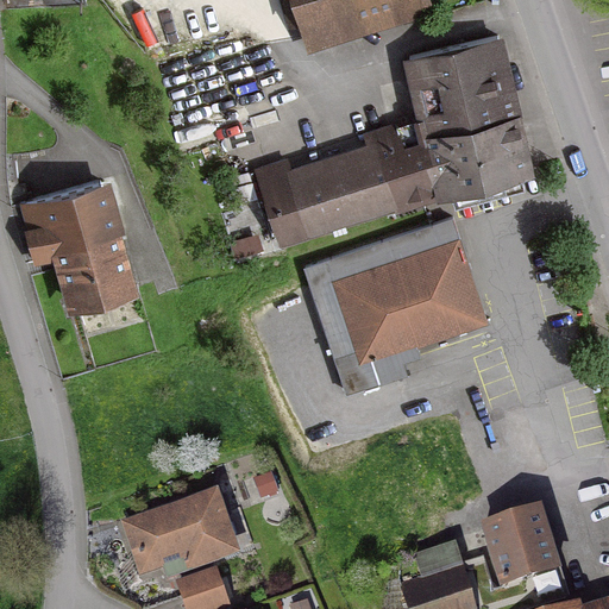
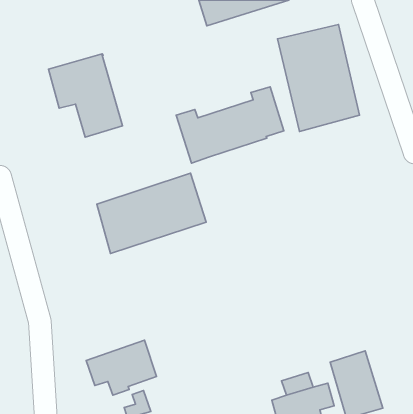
building: [23,182,131,304] -> [49,54,122,137]
building: [306,237,470,393] -> none
building: none -> [97,173,206,253]

